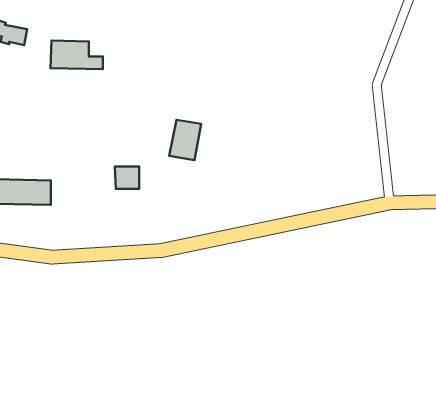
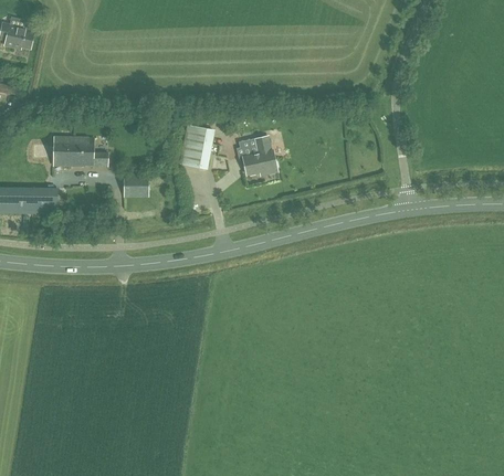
building: [51,41,103,69] -> [53,136,107,166]
building: none -> [242,136,276,173]

